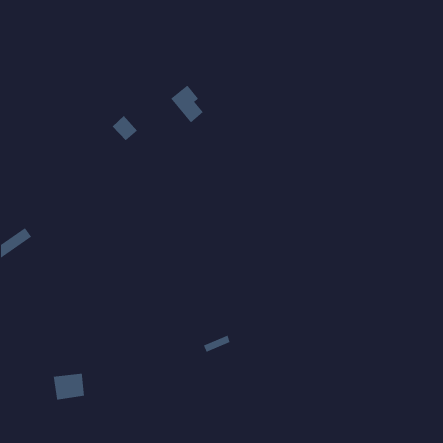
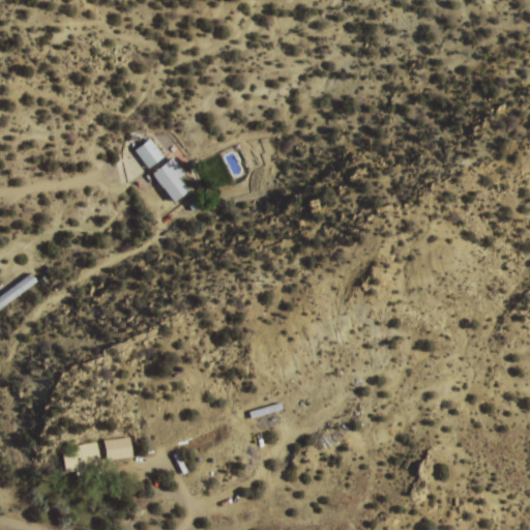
building: [170,85,204,124] -> [152,157,193,204]
building: none -> [104,437,130,461]

